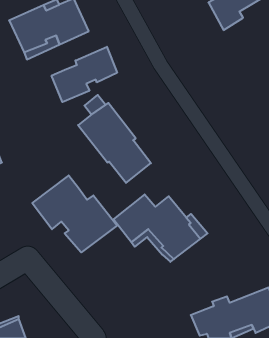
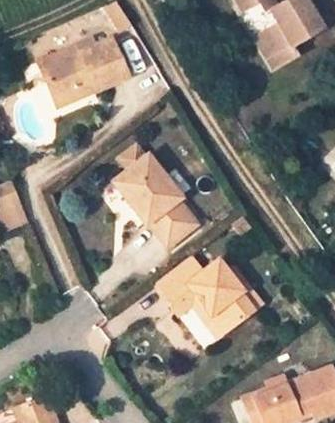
building: [52,47,117,102] -> none
building: [32,175,117,252] -> none

